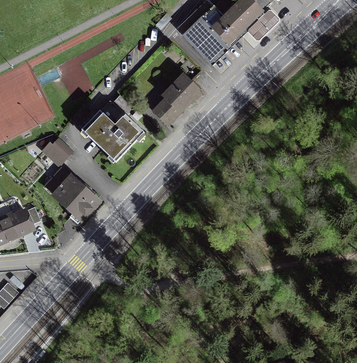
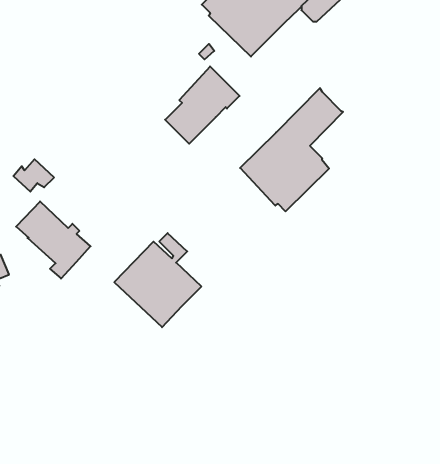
building: none -> [240,88,343,211]
building: [81,94,143,161] -> [114,233,201,327]

